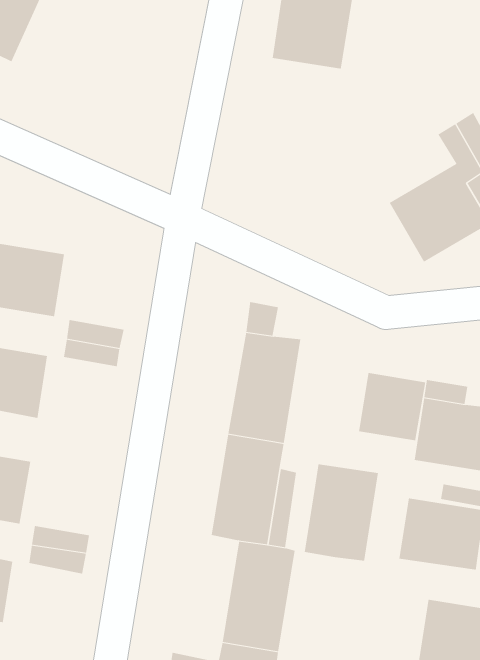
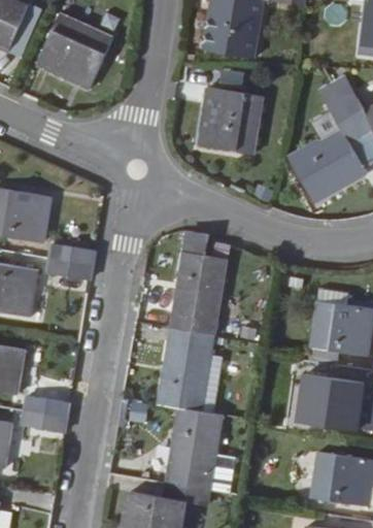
building: none -> [38,14,115,89]
building: none -> [198,88,262,156]
building: [359,372,426,441] -> none
building: [304,463,378,562] -> none

